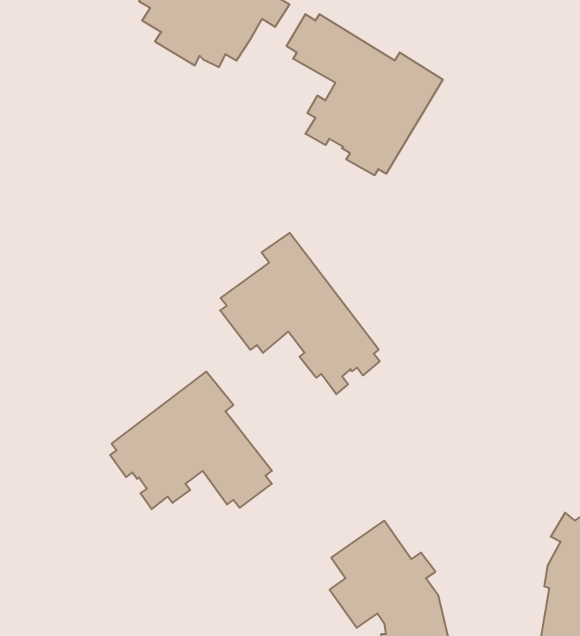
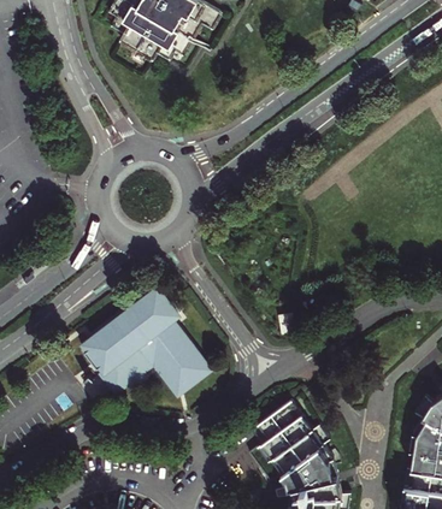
building: [287,14,443,175] -> none
building: [220,233,380,394] -> none

